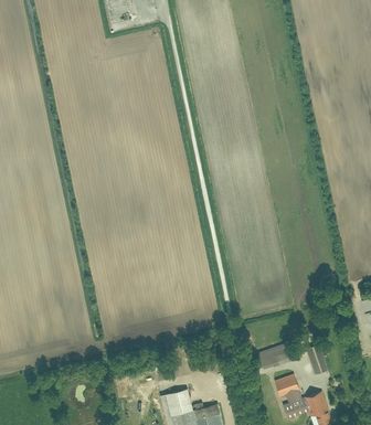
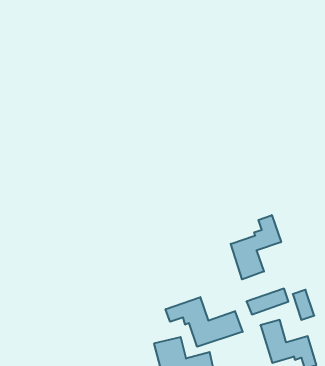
building: none -> [231,215,281,279]
building: none -> [166,297,243,347]

